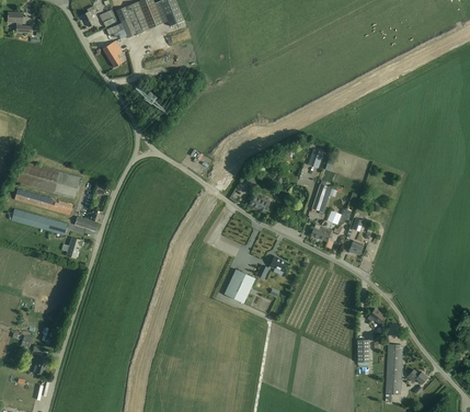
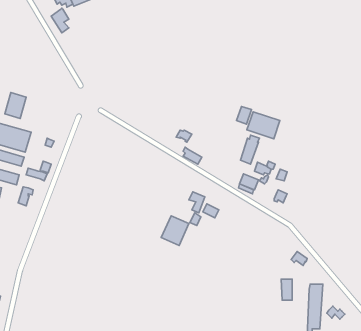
building: none -> [5,93,26,118]
building: none -> [247,112,280,139]

